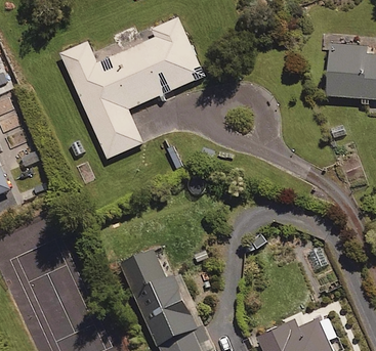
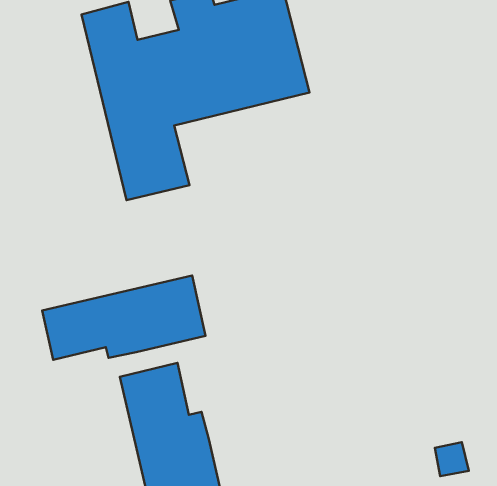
building: none -> [42,276,206,360]

